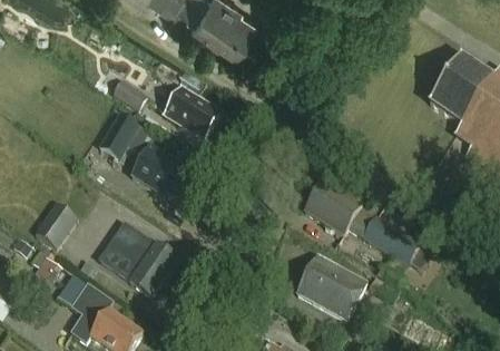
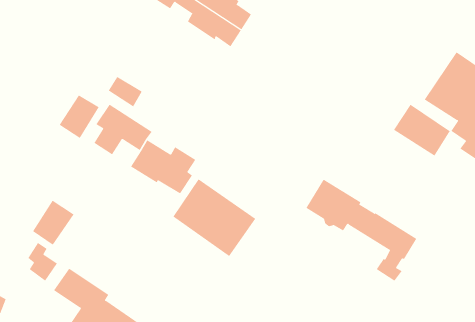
building: [164,90,219,140] -> none
building: none -> [59,94,100,139]
building: none -> [393,104,451,157]
building: [92,222,176,300] -> [173,179,256,257]
building: [295,259,366,325] -> none

